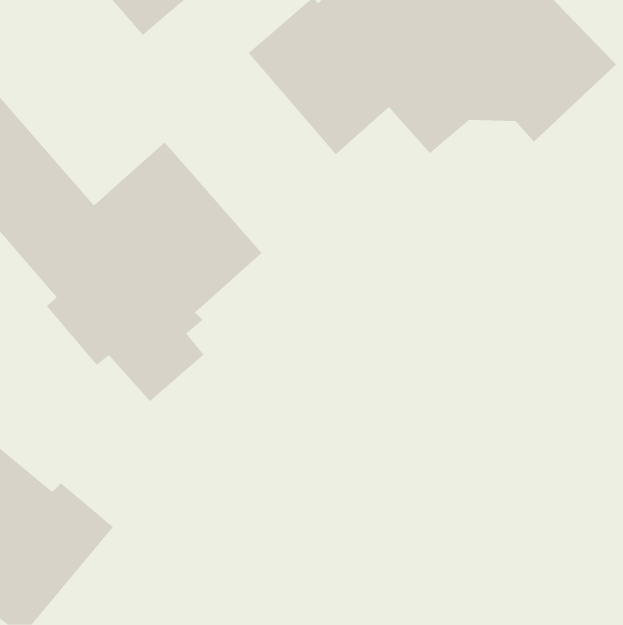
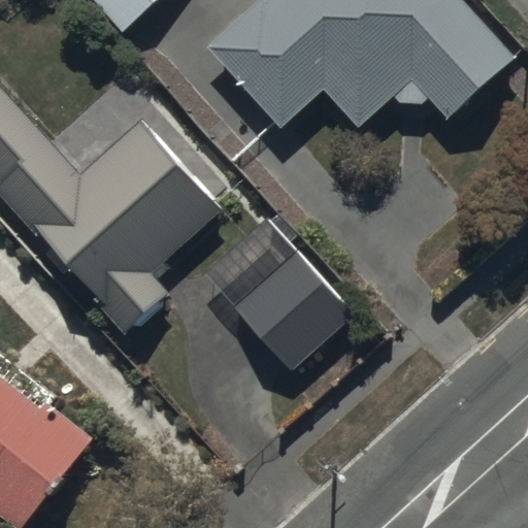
building: none -> [231,248,351,368]

